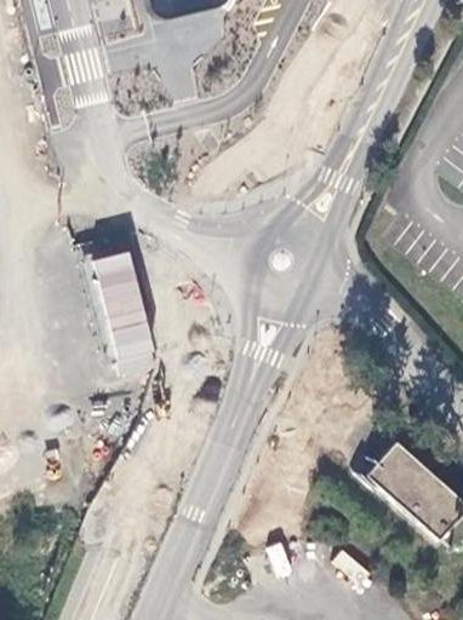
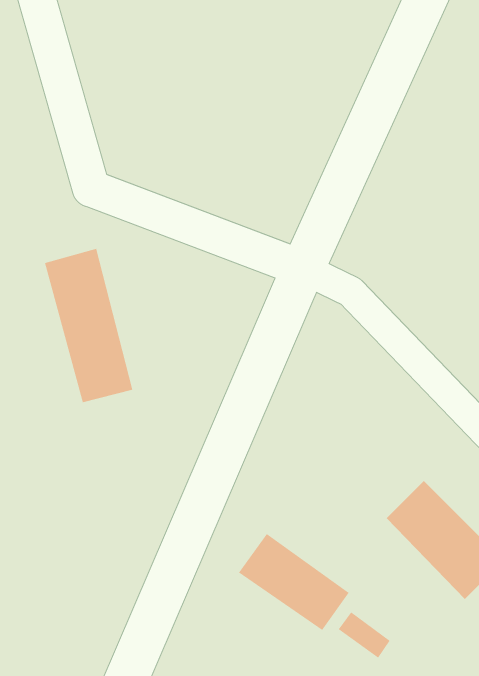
building: none -> [238,533,350,631]

